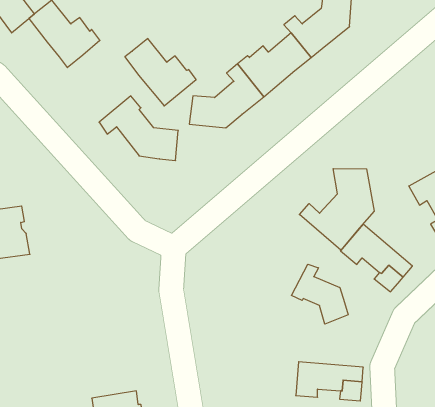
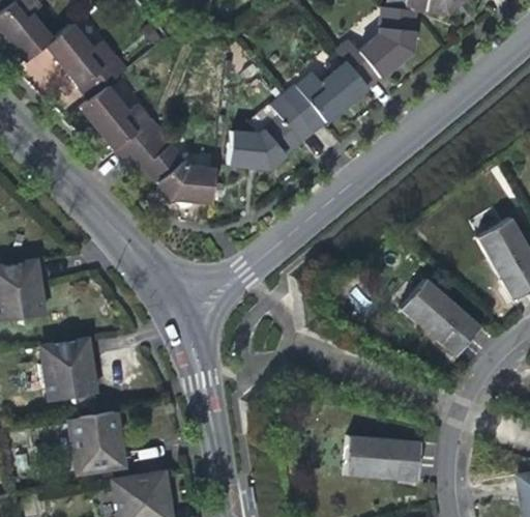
building: [125,39,196,106] -> [80,87,160,164]
building: [299,169,374,250] -> none
building: [291,264,348,324] -> none
building: none -> [40,337,97,399]
building: none -> [70,408,126,469]

